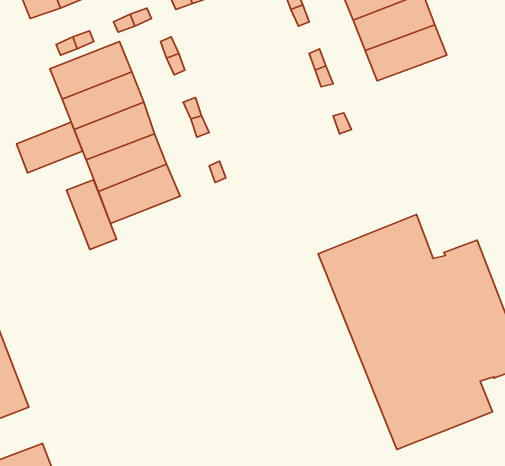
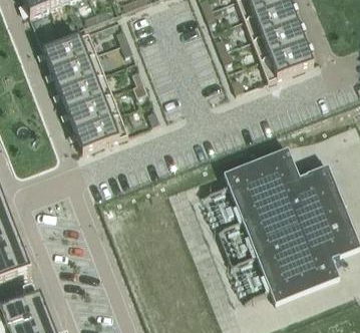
building: none -> [260,39,314,78]
building: [16,122,82,173] -> none
building: [67,180,117,249] -> none

